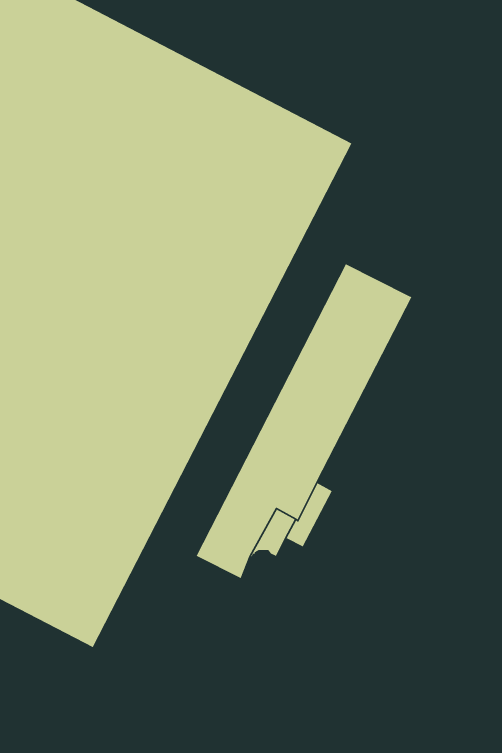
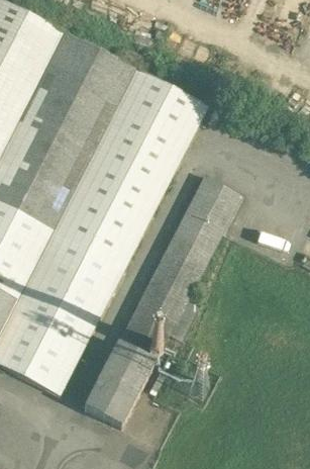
building: none -> [84,343,154,427]

